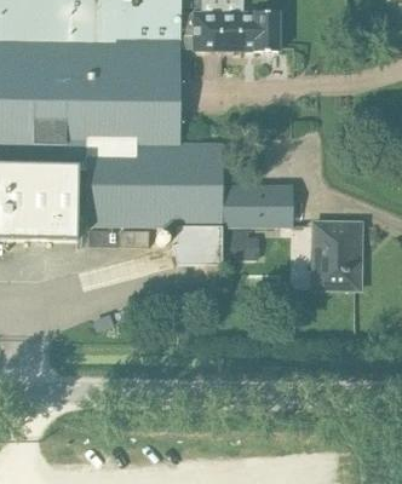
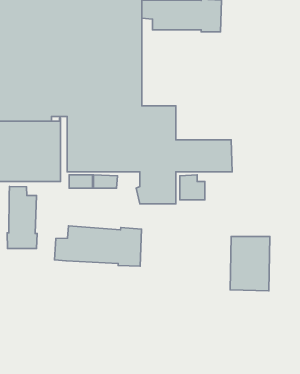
building: [310,221,360,289] -> [230,236,270,291]
building: none -> [7,187,37,249]
building: none -> [55,226,142,266]

